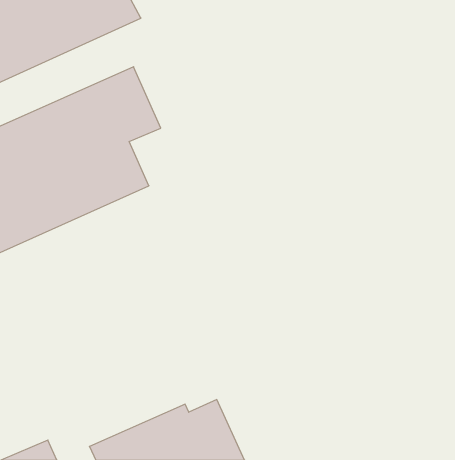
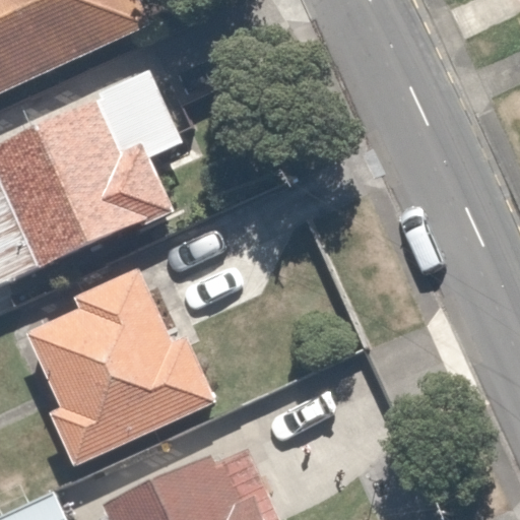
building: none -> [25,267,213,465]

